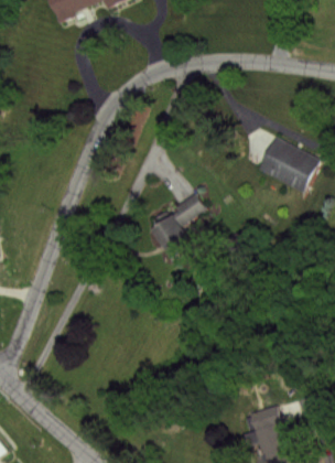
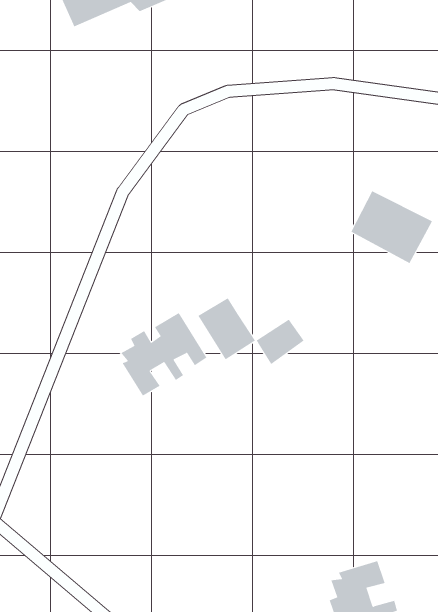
building: [168,194,203,227] -> [256,319,305,365]
building: none -> [121,312,207,397]

